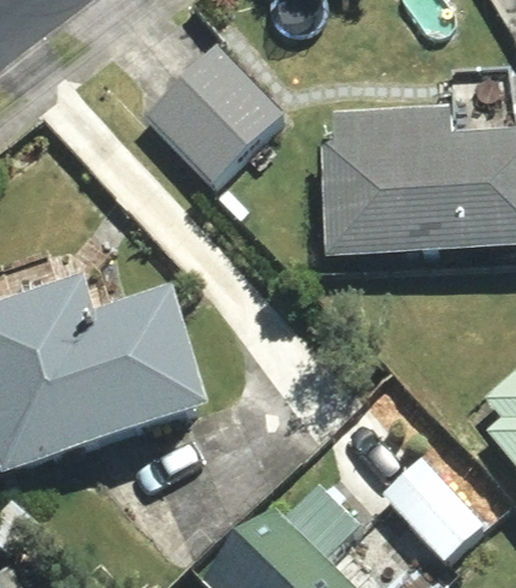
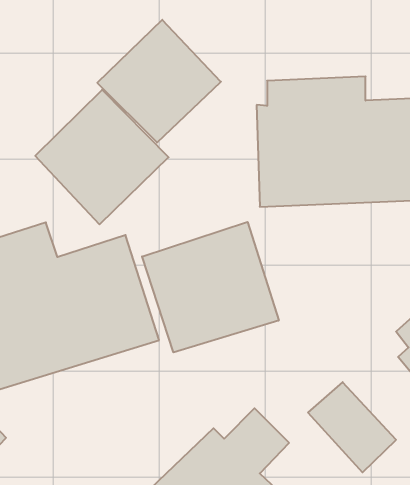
building: none -> [35,90,169,224]
building: none -> [142,222,279,352]

